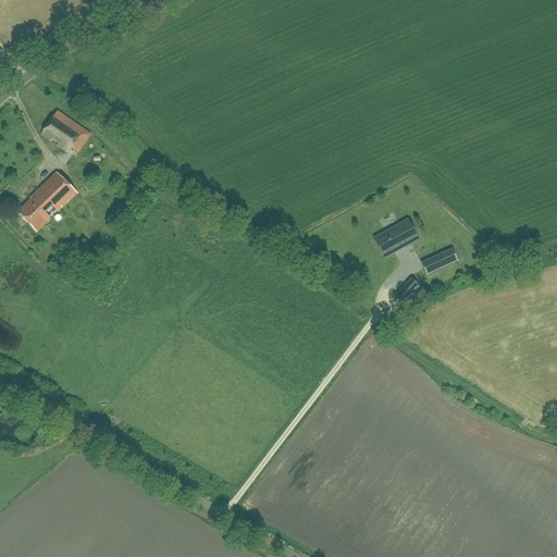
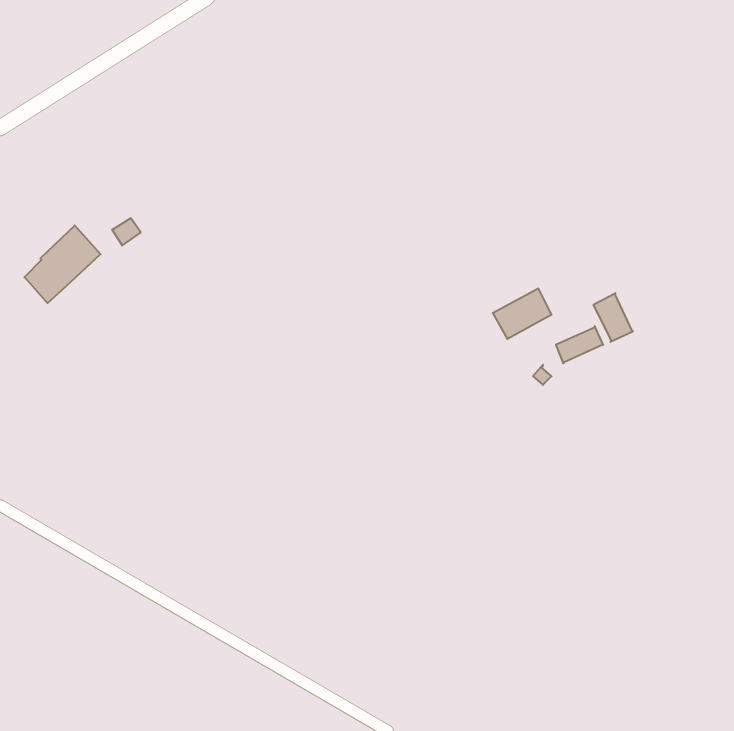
building: [41,109,91,152] -> none
building: none -> [594,293,633,342]

